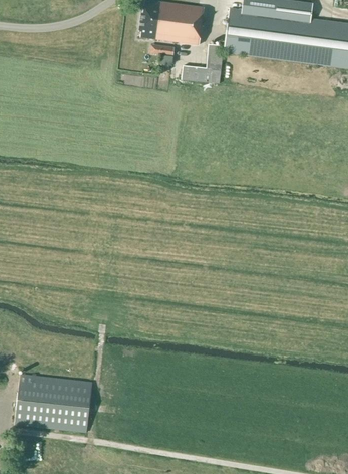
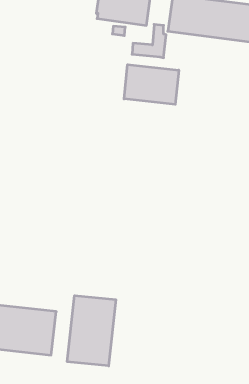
building: none -> [124,65,179,104]
building: none -> [67,296,116,366]

